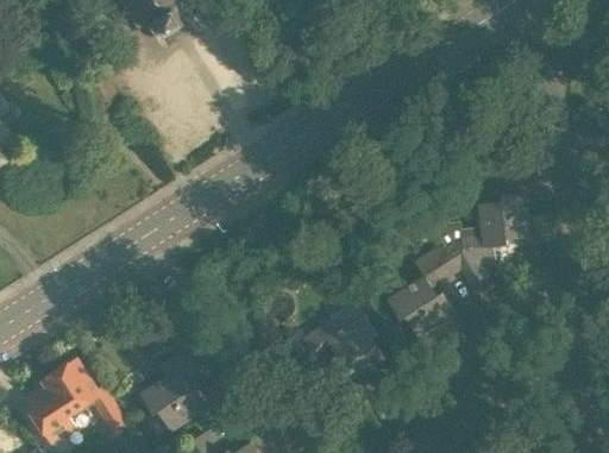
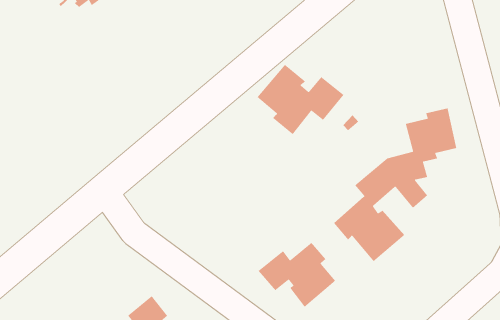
building: none -> [257,64,344,135]

